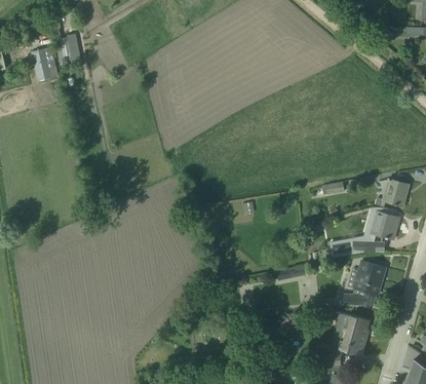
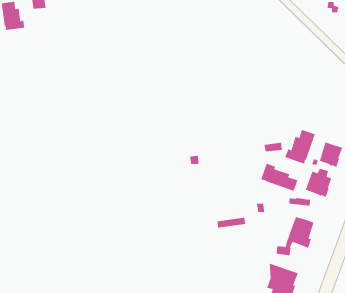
building: none -> [284,129,316,165]
building: none -> [260,163,298,192]

